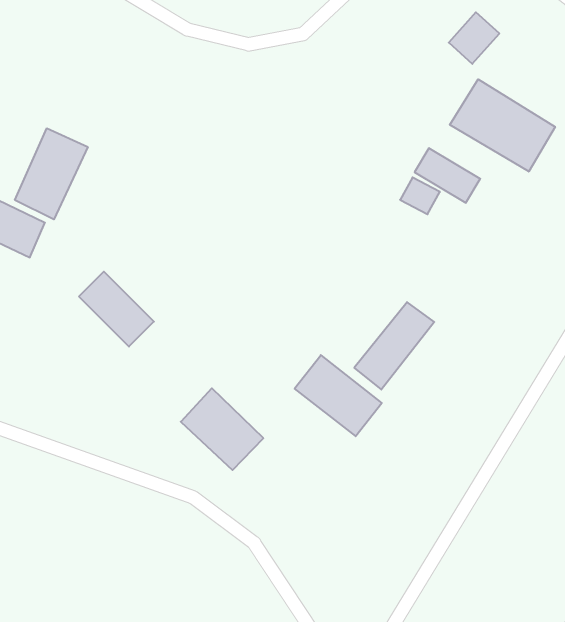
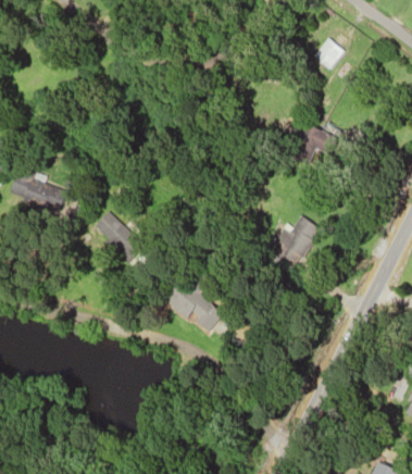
building: [450,79,555,172] -> none
building: [15,128,88,219] -> none
building: [295,355,382,436] -> none

